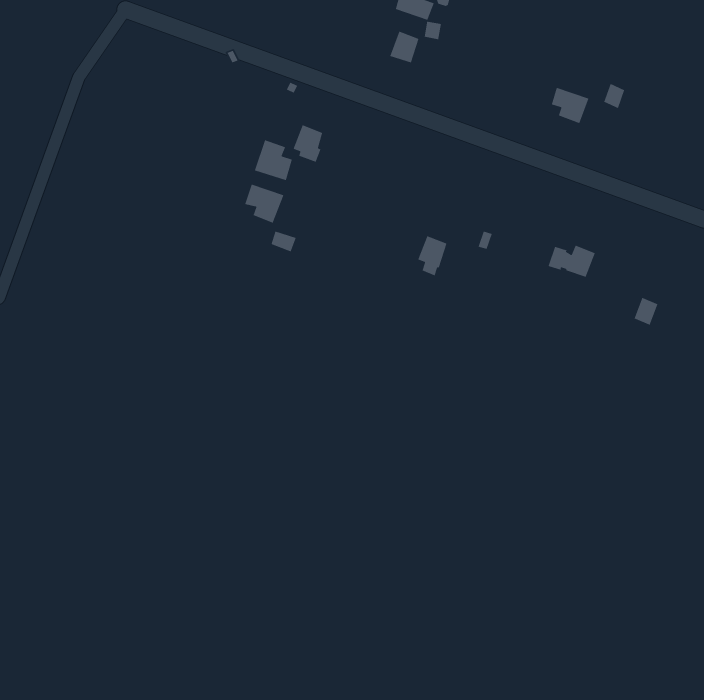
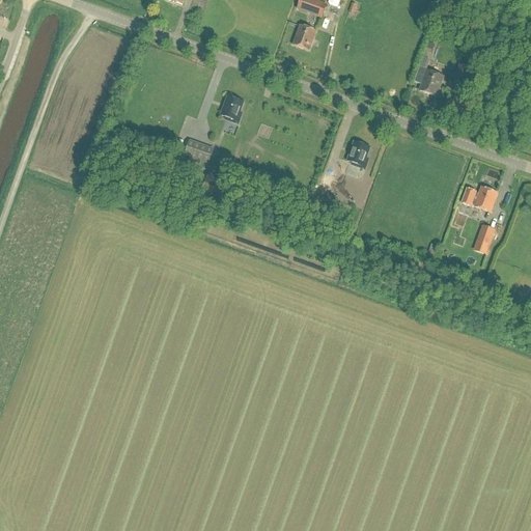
building: [254,139,293,181] -> none
building: [417,235,448,276] -> [346,139,369,170]
building: [548,245,596,278] -> [460,185,497,209]

